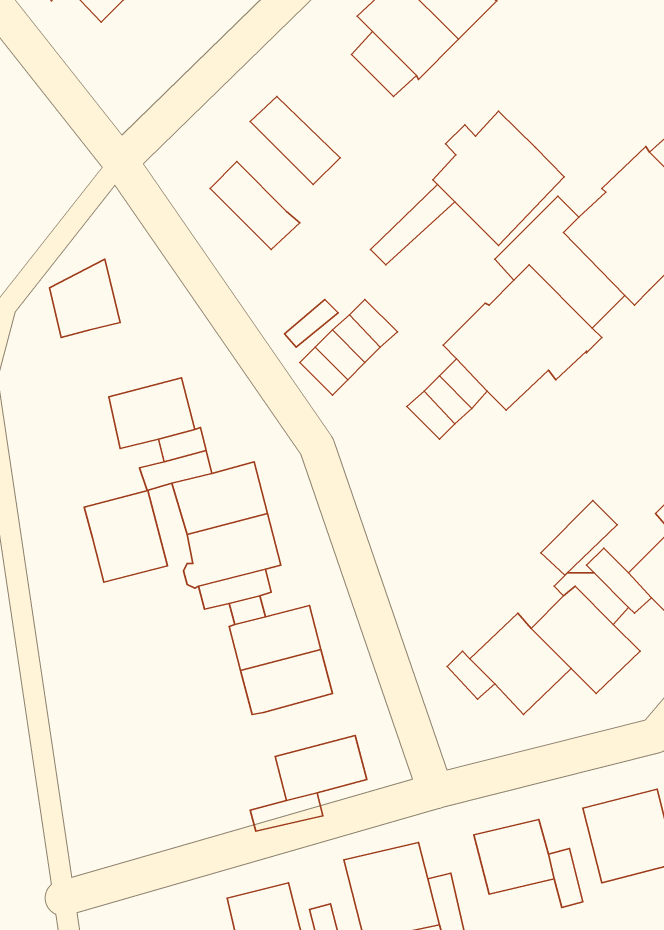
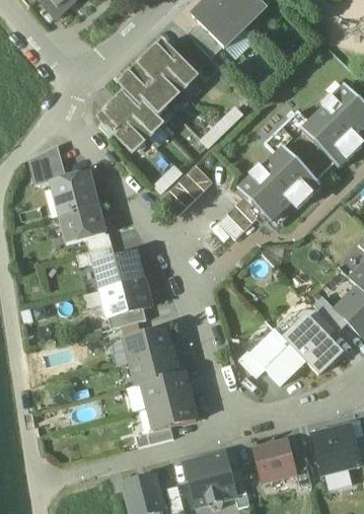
building: none -> [149,43,197,89]
building: [433,111,564,246] -> none
building: none -> [122,70,168,118]
building: none -> [99,105,146,152]
building: none -> [50,170,98,216]
building: [84,490,167,582] -> none
building: [541,501,617,575] -> none
building: none -> [142,372,191,407]

